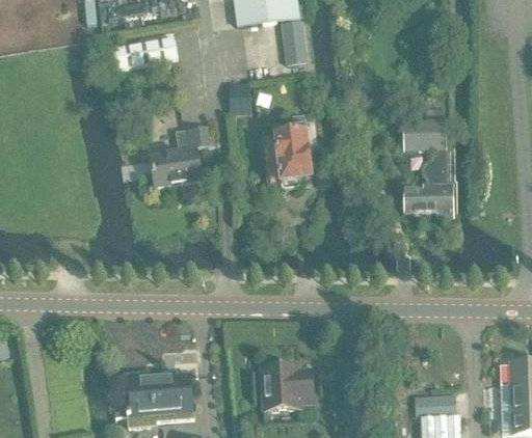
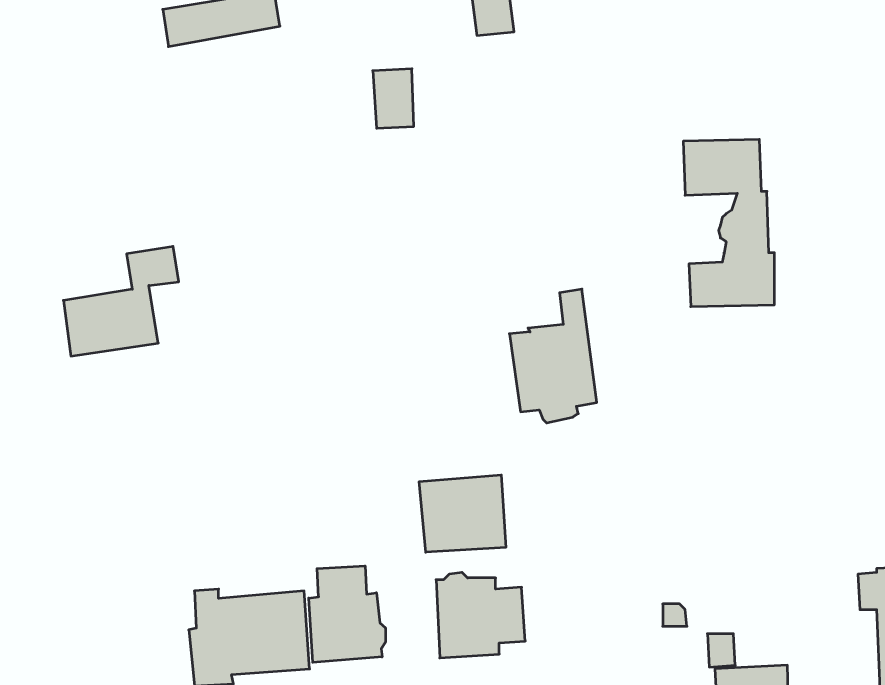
building: [264,116,313,191] -> [509,289,597,423]
building: [149,127,213,188] -> [63,246,179,356]
building: none -> [419,475,506,552]
building: none -> [309,566,385,662]

